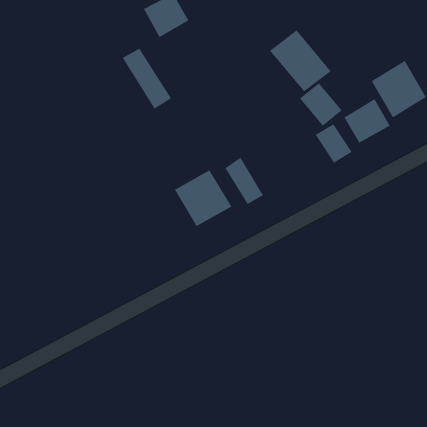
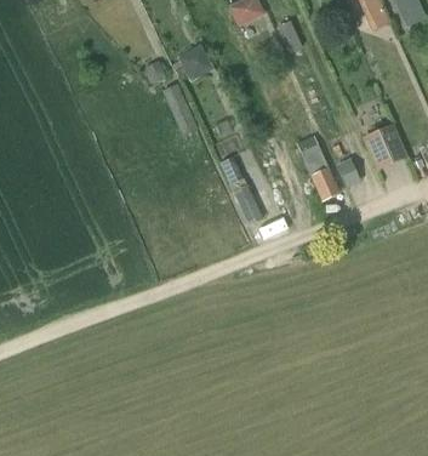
building: [269,30,331,92] -> none
building: [174,169,232,227] -> none

